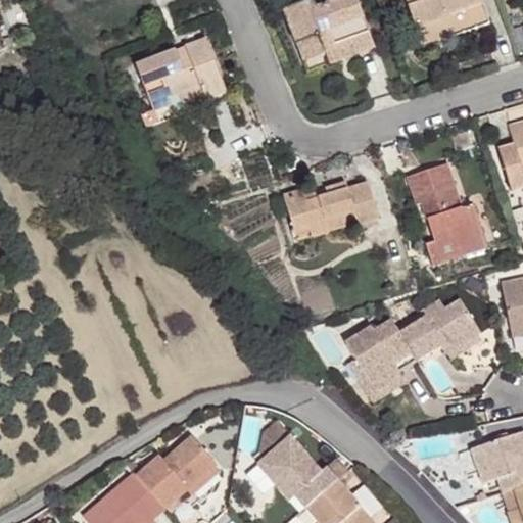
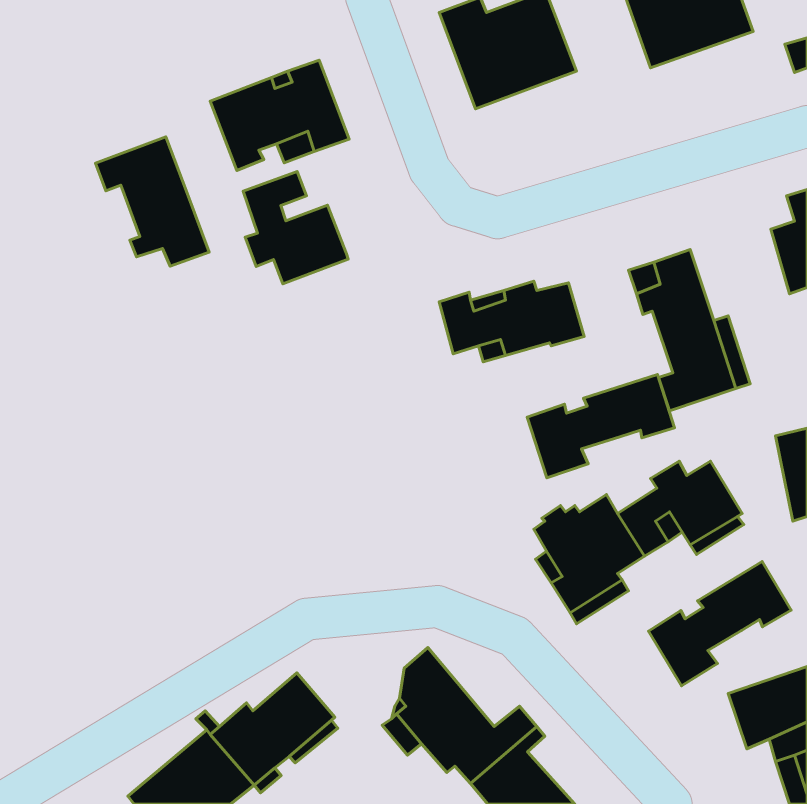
building: none -> [96,137,209,266]
building: none -> [243,171,348,284]
building: none -> [527,374,674,478]
building: none -> [648,562,791,686]

